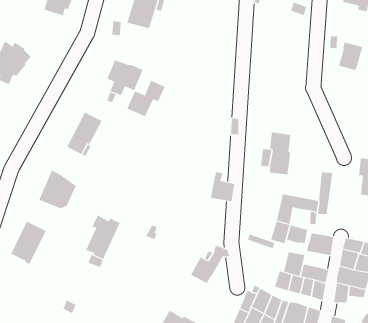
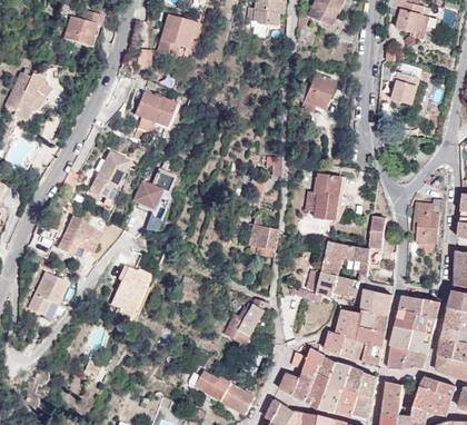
building: none -> [302,73,336,113]
building: [126,80,165,117] -> [132,169,176,210]
building: none -> [354,306,385,327]

